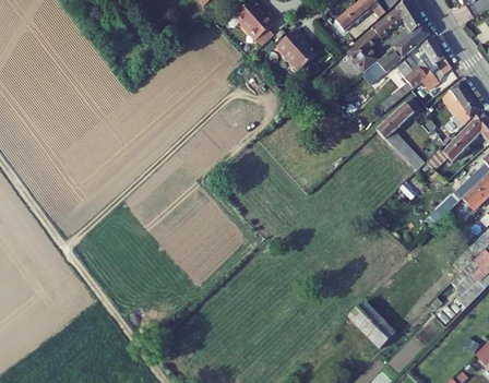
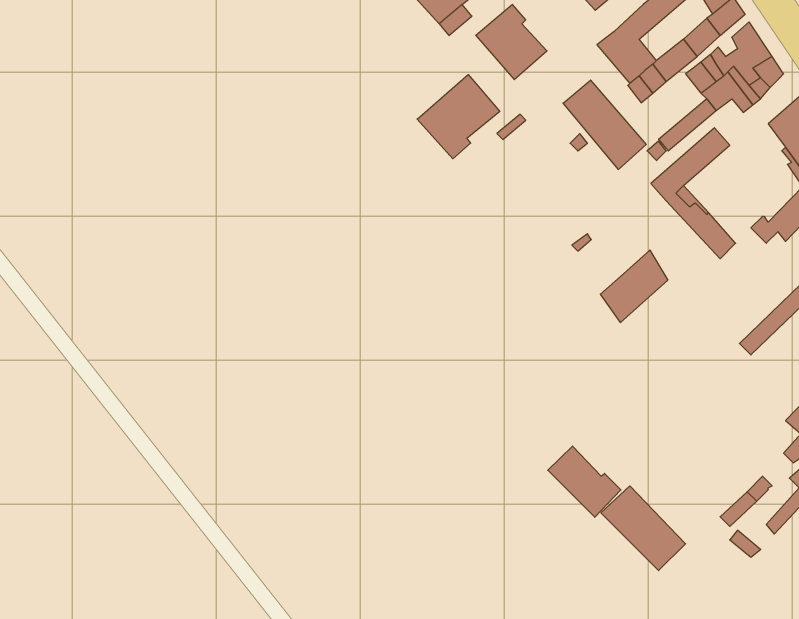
building: none -> [417,75,500,159]
building: none -> [563,80,646,169]
building: none -> [600,250,668,323]
building: none -> [548,446,621,517]

